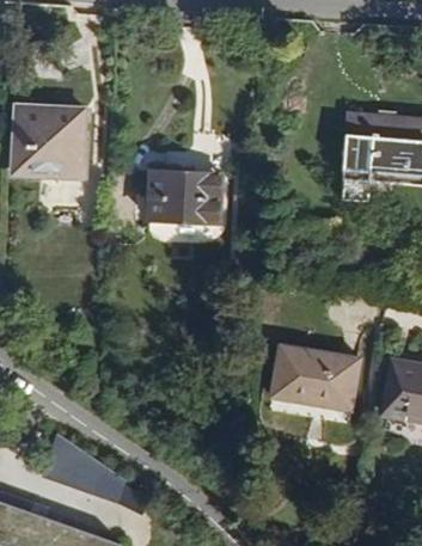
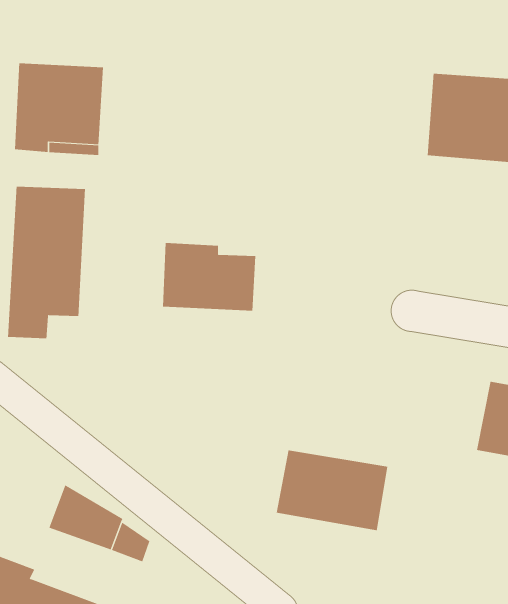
building: [147,170,222,225] -> [162,243,256,311]
building: none -> [8,186,86,339]
building: [271,345,361,410] -> [276,450,388,531]

